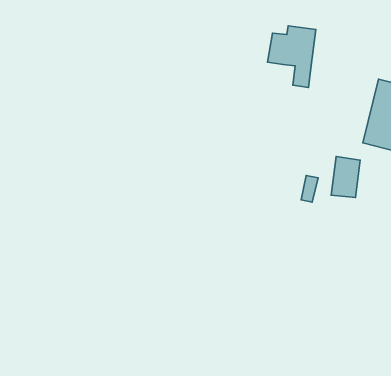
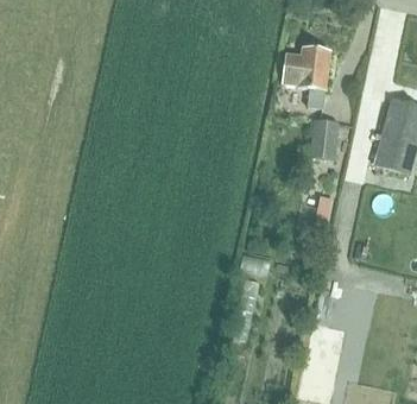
building: [331,157,360,198] -> [310,116,339,157]

